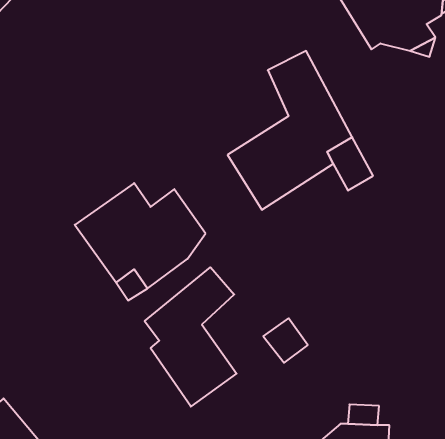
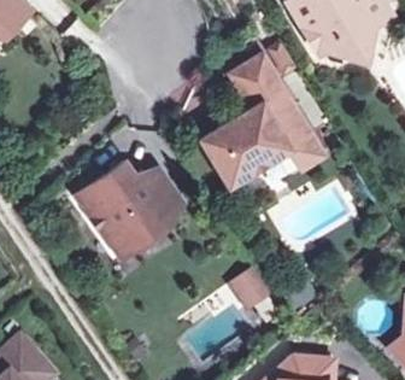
building: [145,267,237,407] -> none

